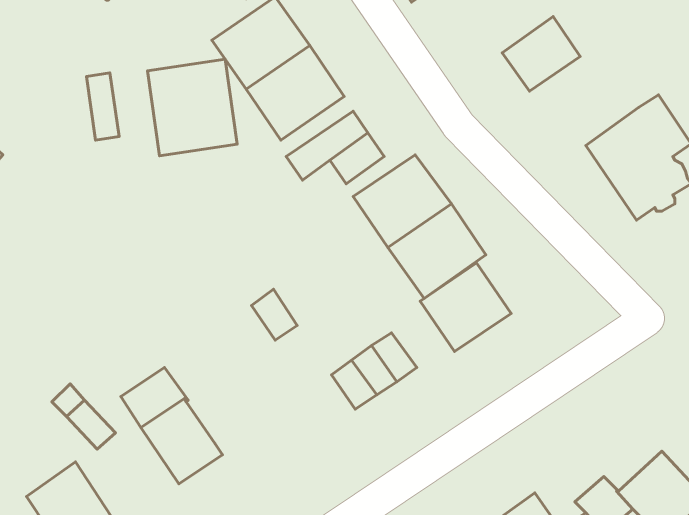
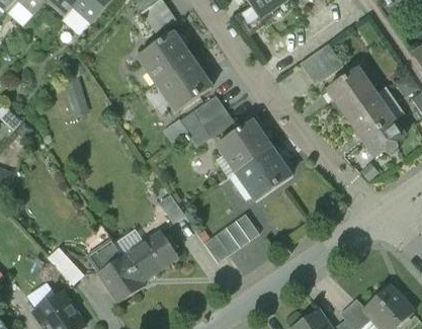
building: [147,59,237,156] -> none
building: none -> [328,67,375,114]
building: [420,263,511,352] -> none
building: none -> [123,231,177,280]

